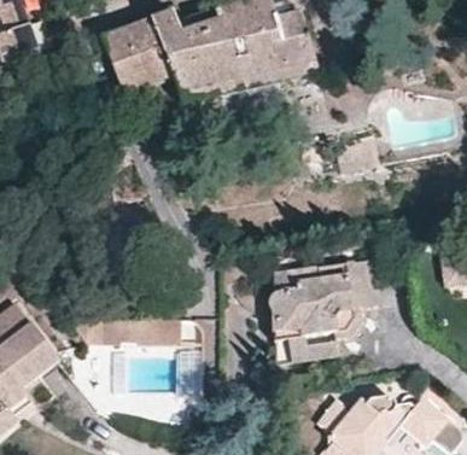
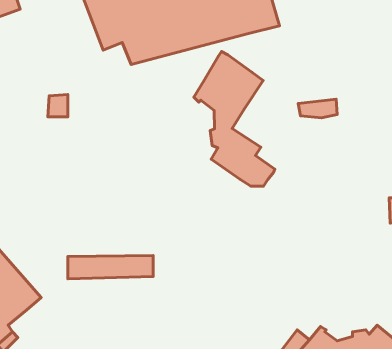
building: none -> [194,51,275,186]
building: [274,256,378,361] -> none

